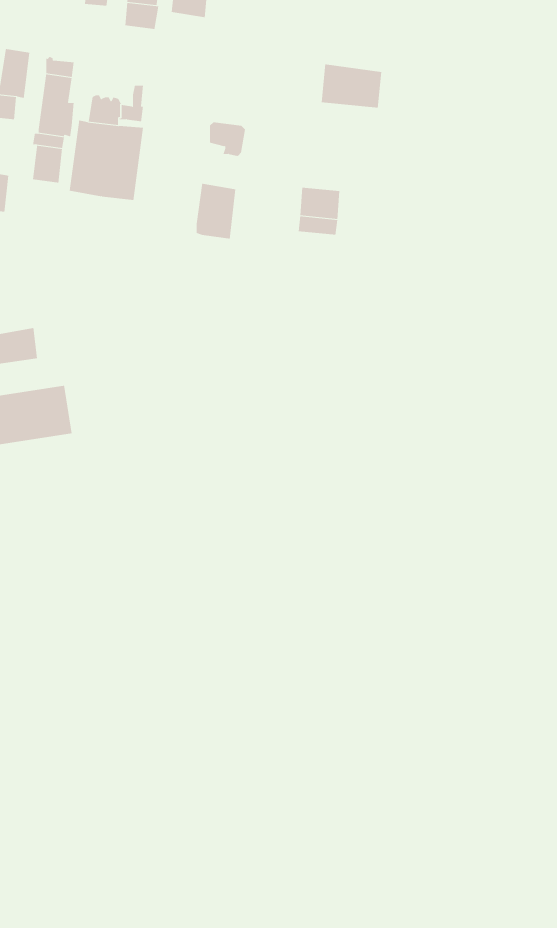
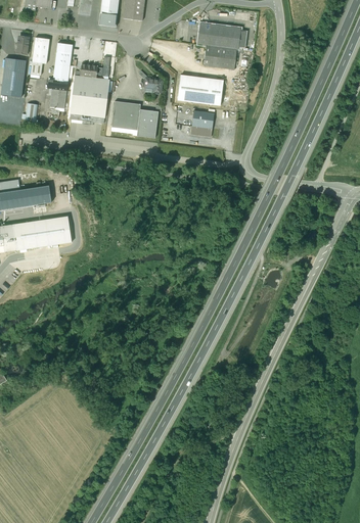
building: none -> [196,22,240,49]
building: none -> [177,75,223,105]
building: none -> [110,100,140,130]

